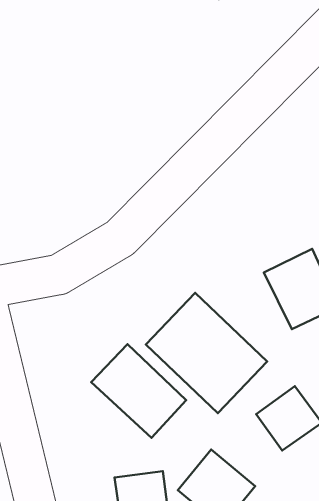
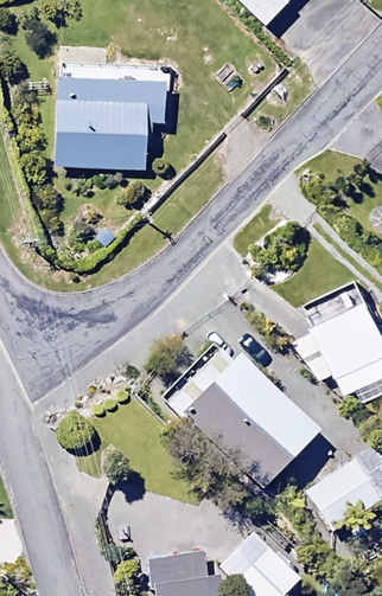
building: none -> [55,59,167,173]
building: [91,344,186,438] -> none

